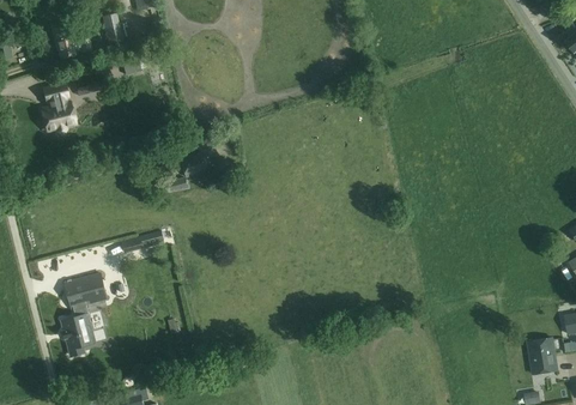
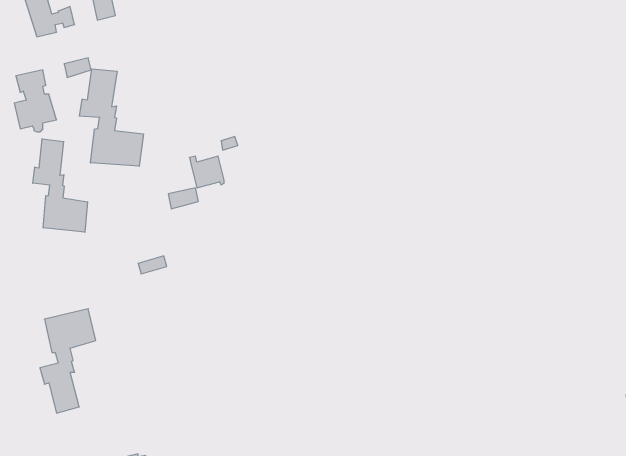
building: none -> [79,69,143,166]
building: none -> [33,139,87,232]

